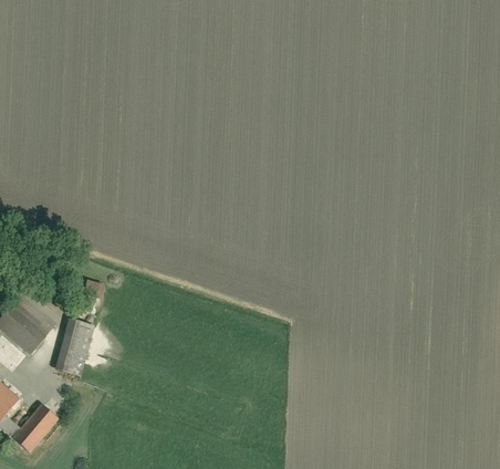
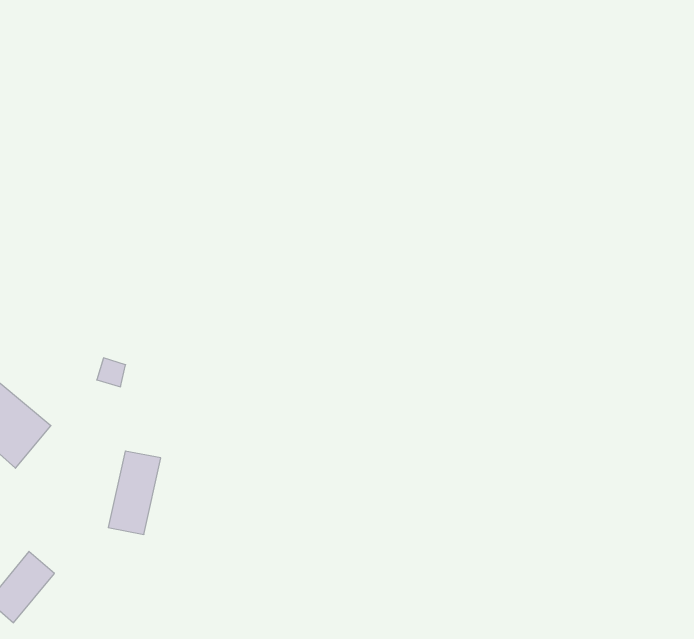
building: [56,320,91,374] -> [108,451,161,534]

